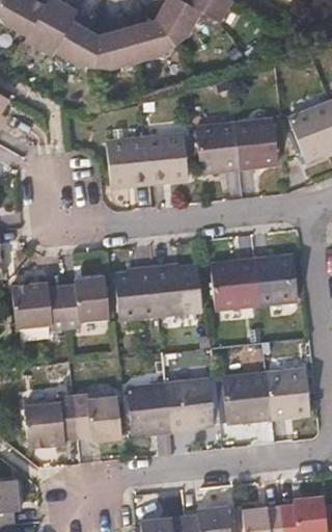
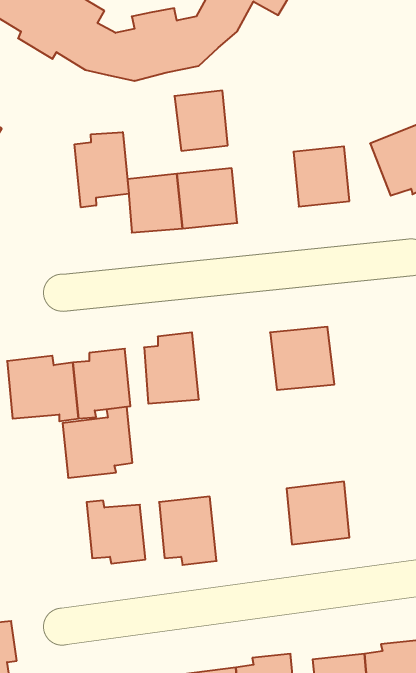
building: none -> [75,132,129,207]
building: [194,125,234,170] -> [174,91,228,151]
building: [256,254,299,301] -> none
building: [154,260,202,313] -> none
building: [269,371,311,418] -> none
building: [167,382,214,435] -> none
building: [25,391,78,445] -> [63,407,132,478]

